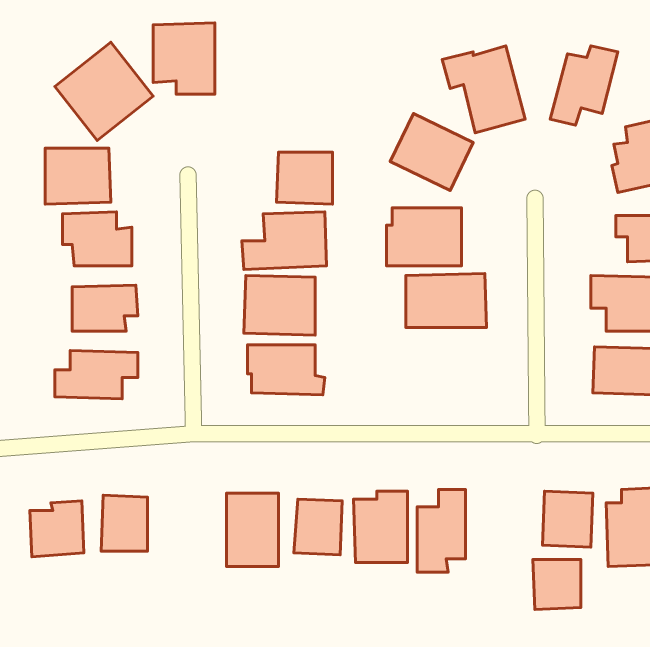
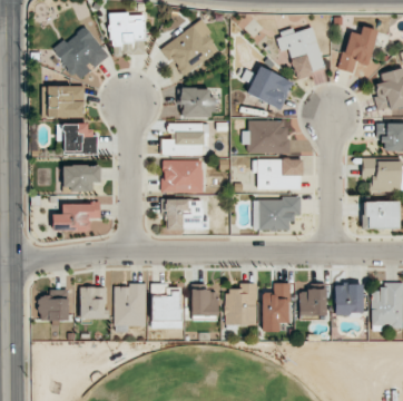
building: none -> [163,20,223,77]
building: none -> [254,198,302,231]
building: none -> [116,283,147,332]
building: [533,559,581,609] -> [299,287,327,316]

